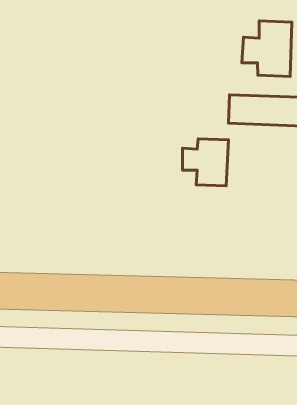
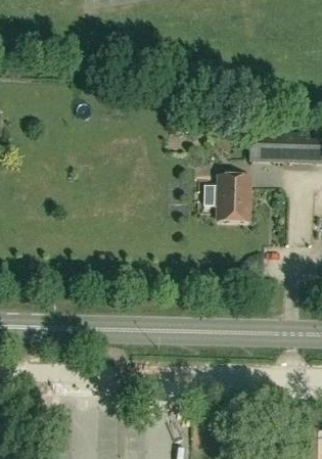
building: [242,21,292,76] -> none

